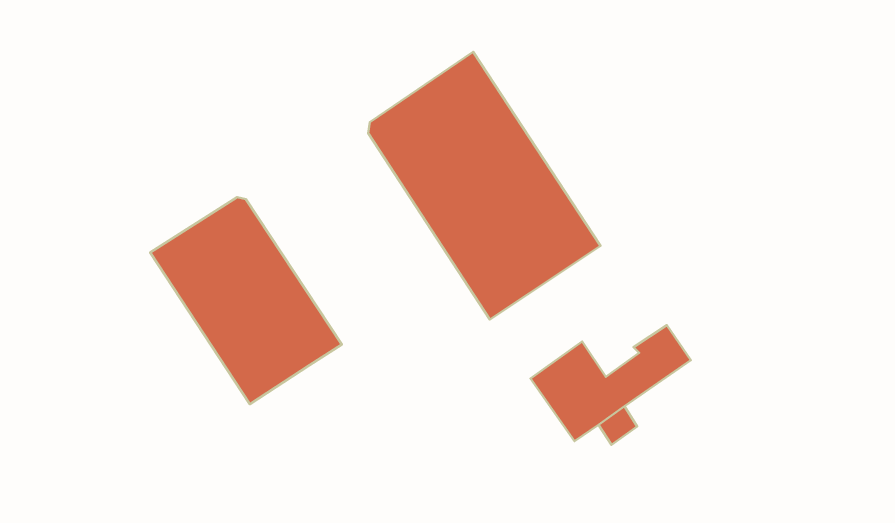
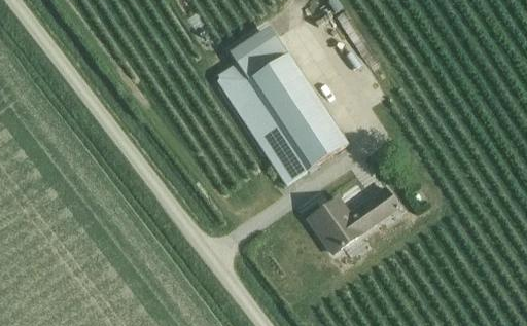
building: [150,197,342,404] -> none

